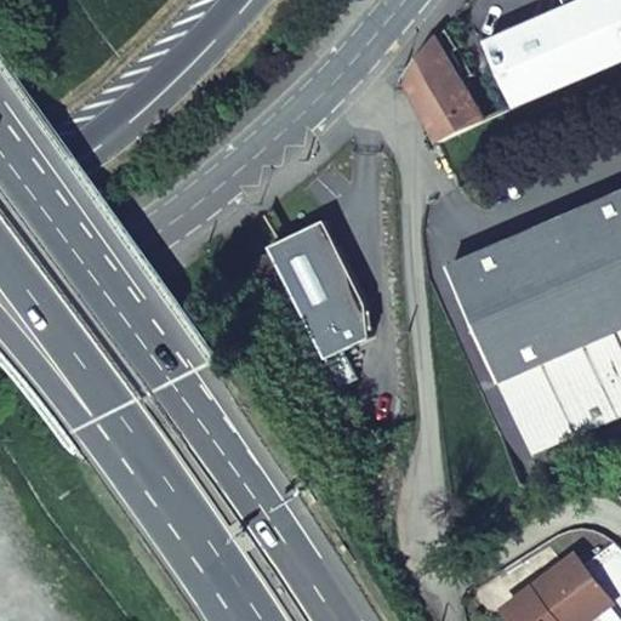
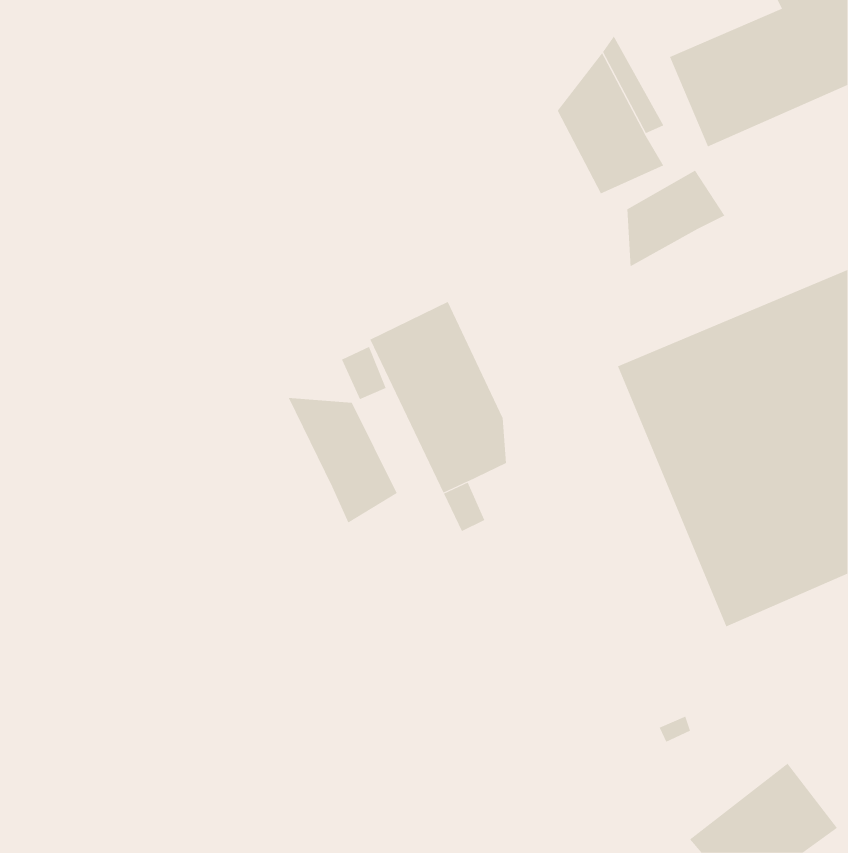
building: none -> [627,170,725,267]
building: none -> [288,397,398,523]

